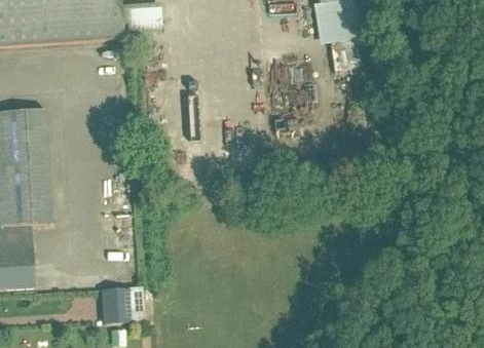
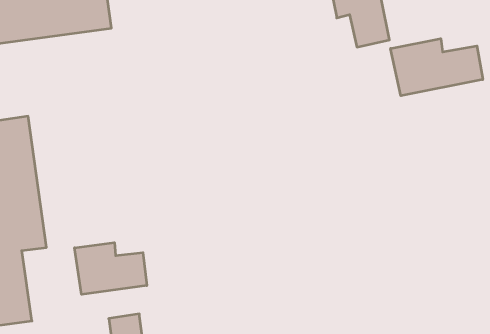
building: none -> [391,39,483,96]
building: none -> [75,243,147,294]

